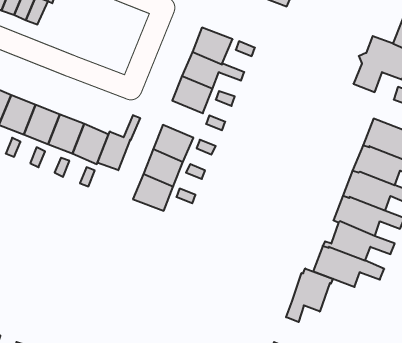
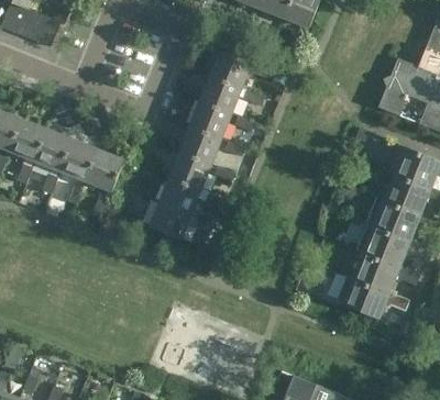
building: none -> [179,125,221,164]
building: [98,115,140,170] -> none
building: [286,268,333,322] -> none

